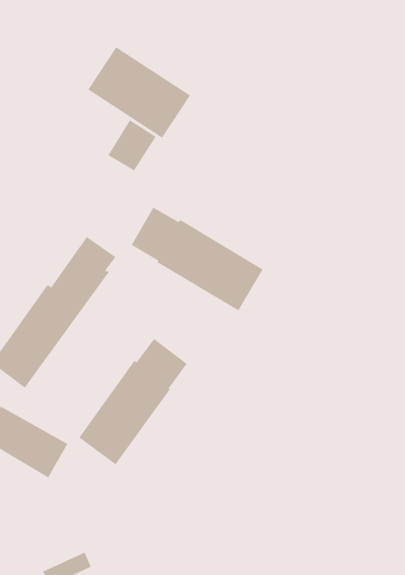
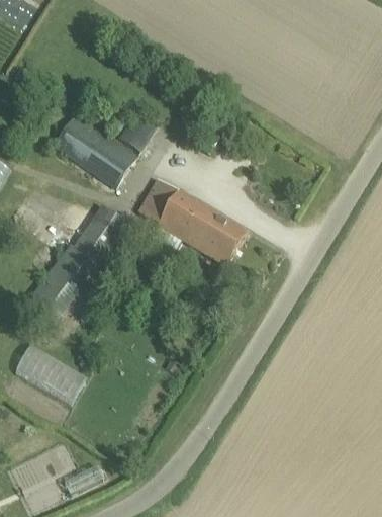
building: [88,46,191,139] -> [54,113,138,189]
building: [79,338,188,465] -> none

